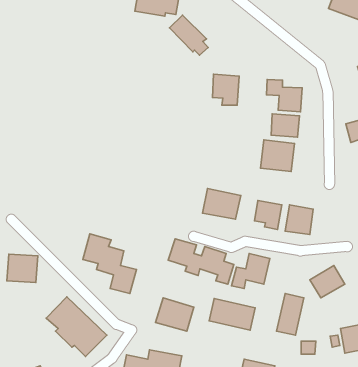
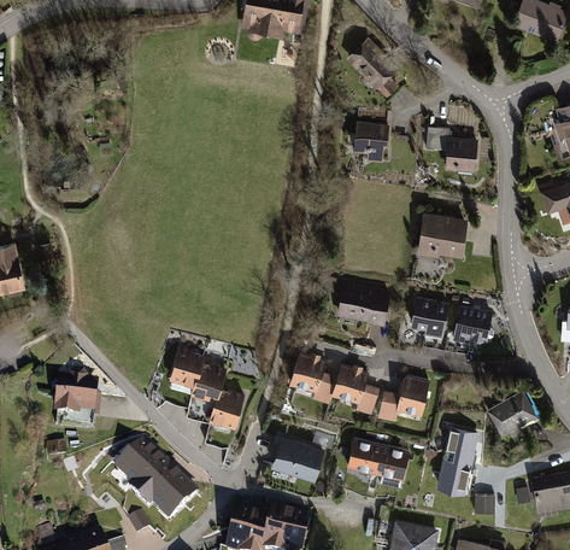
building: [170,15,208,55] -> [343,40,398,96]
building: [271,114,300,137] -> none

